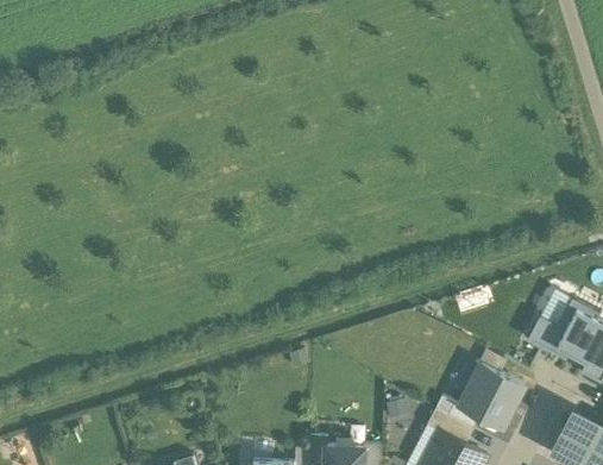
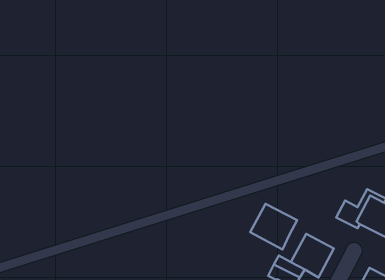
building: none -> [250,204,297,249]

